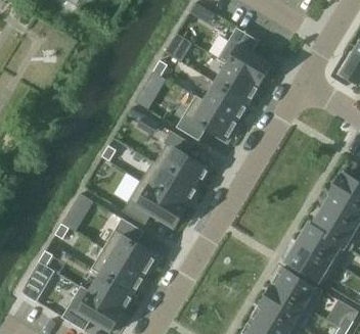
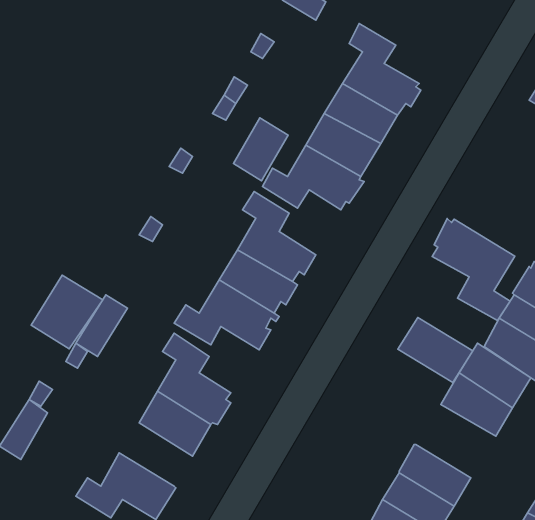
building: none -> [233,118,288,181]
building: none -> [432,219,515,321]
building: none -> [31,275,103,349]
building: [271,266,317,305] -> [398,318,473,382]
building: [89,272,134,311] -> none

